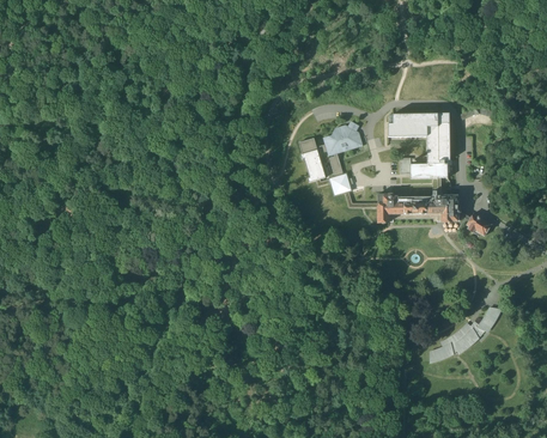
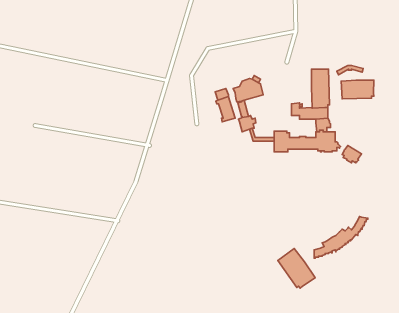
building: [388,112,426,136] -> none
building: none -> [341,80,374,99]
building: none -> [278,248,315,288]

